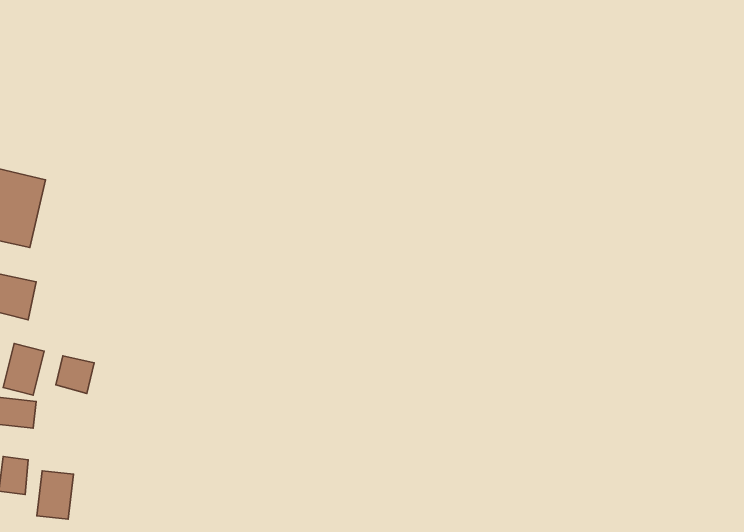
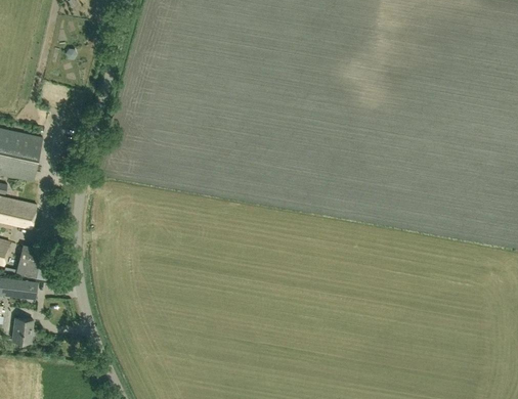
building: [56,356,94,394] -> none
building: [37,471,73,519] -> none

